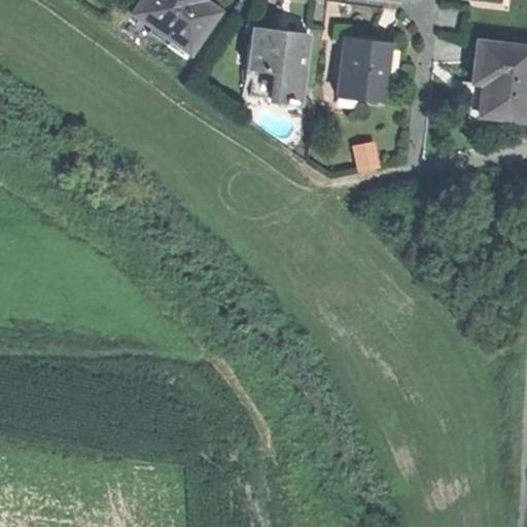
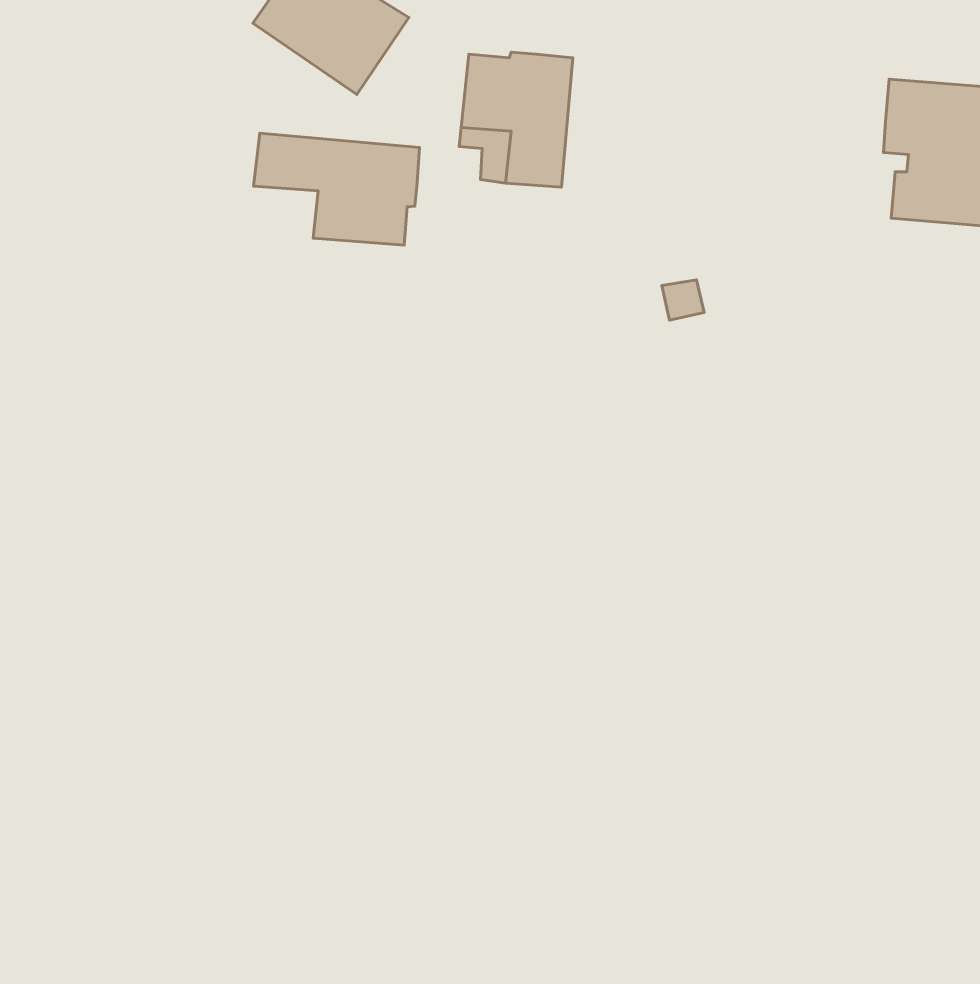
building: [338,37,392,102] -> none
building: none -> [254,133,420,245]

